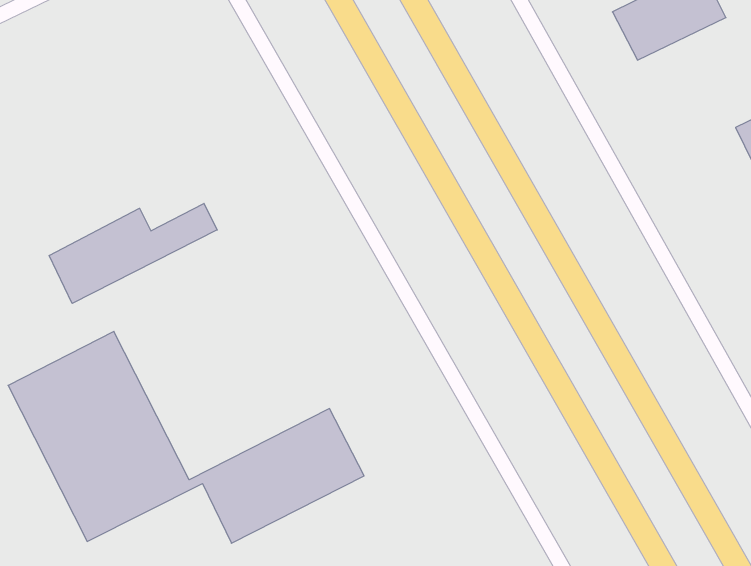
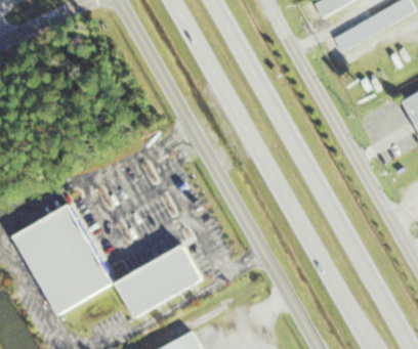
building: [49,203,217,303] -> none

